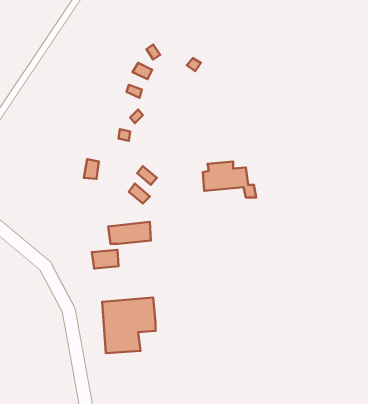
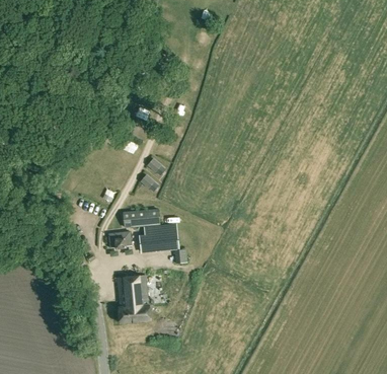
building: [203,162,256,198] -> [139,226,185,257]

